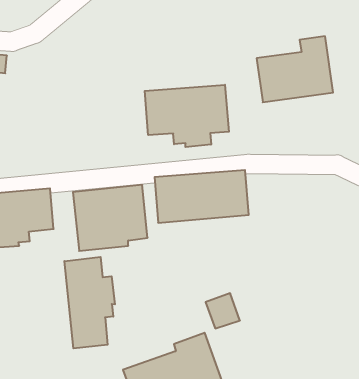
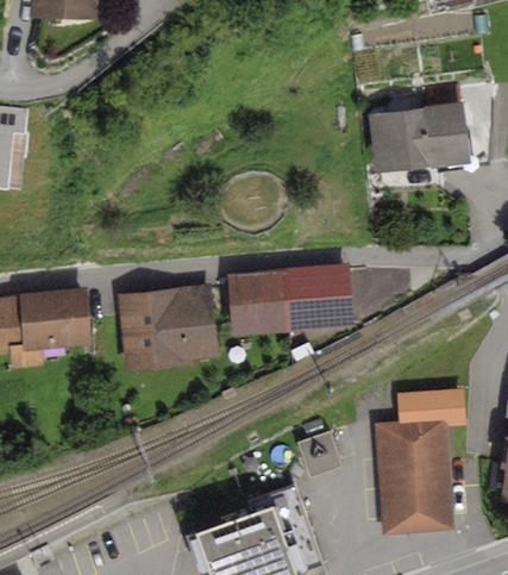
building: [145,85,229,147] -> none
building: [64,257,115,348] -> none
building: none -> [374,387,468,535]

